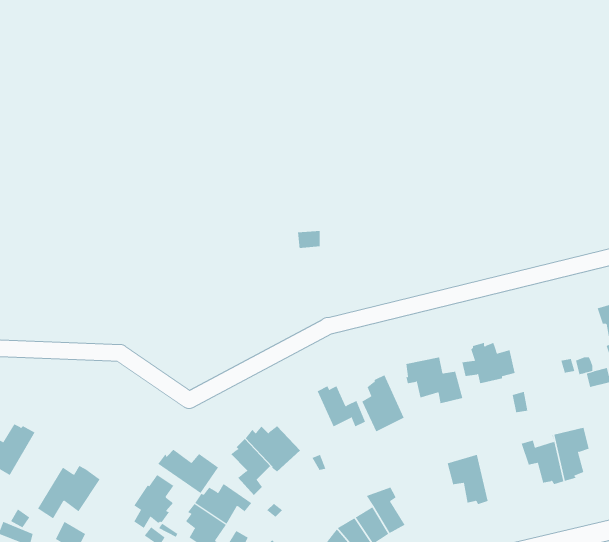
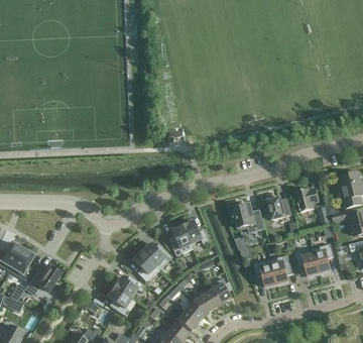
building: none -> [294,188,319,211]
building: [361,374,405,432] -> [167,223,192,255]
building: none -> [9,246,33,280]
building: none -> [270,254,292,284]
building: [157,449,219,494] -> none
building: [134,474,174,529] -> none

